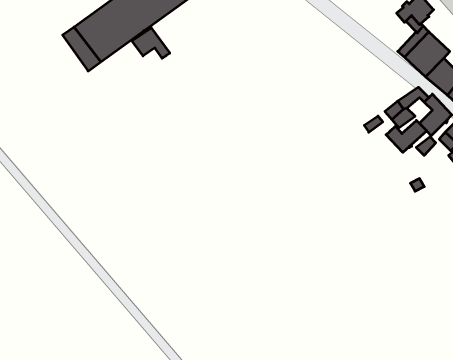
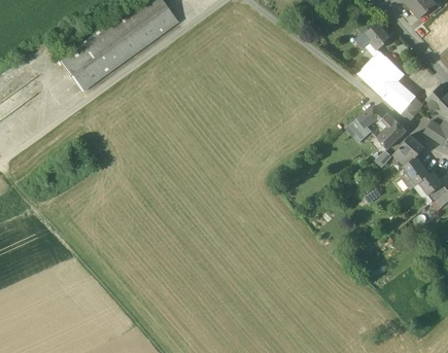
building: [132,28,170,58] -> none
building: [386,120,427,152] -> none

